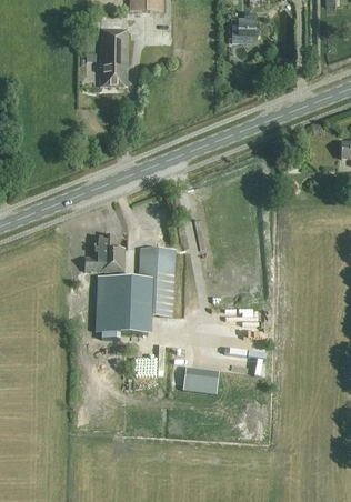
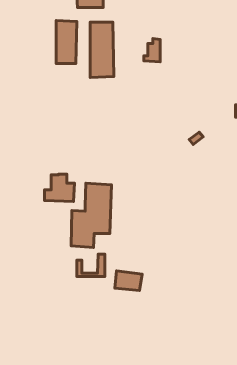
building: [232,11,254,42] -> [144,39,160,62]
building: none -> [90,22,114,78]
building: [94,275,139,339] -> none

